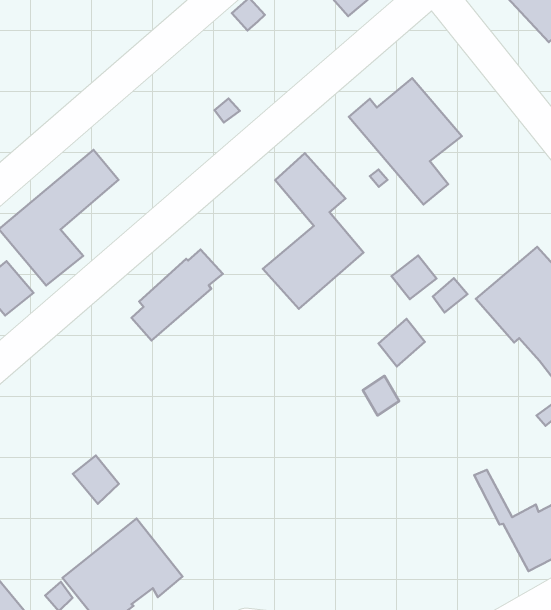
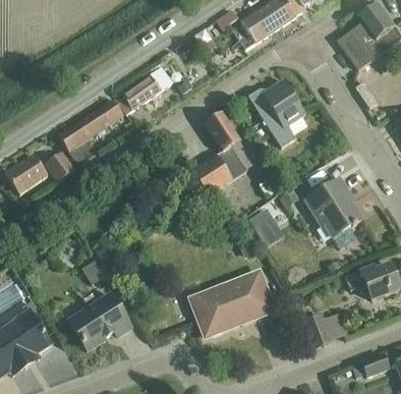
building: [131,249,223,341] -> [118,68,169,113]
building: none -> [191,271,275,337]

